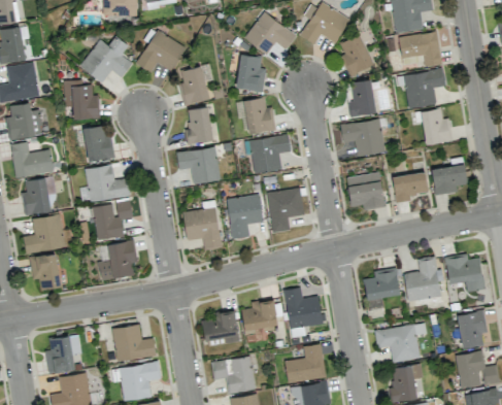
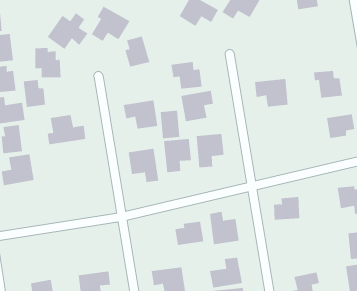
building: [399,31,441,66] -> none
building: [340,34,374,76] -> none
building: [237,55,266,91] -> none
building: [404,69,446,108] -> none
building: [348,79,376,116] -> none
building: [187,107,212,143] -> [160,110,180,139]
building: [83,126,112,161] -> [23,80,46,107]
building: [392,171,430,200] -> none
building: [347,173,384,209] -> none
building: [93,201,133,240] -> none
building: [99,240,137,279] -> none
building: [30,254,60,290] -> none
building: [405,257,443,301] -> none
building: [203,310,239,343] -> none
building: [375,323,427,363] -> none
building: [112,324,157,362] -> none
building: [45,334,81,374] -> none

